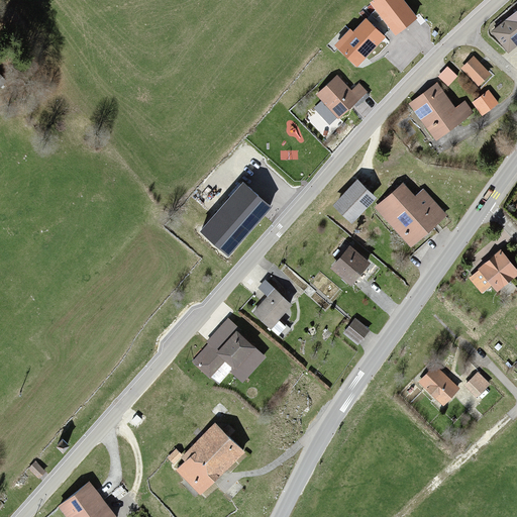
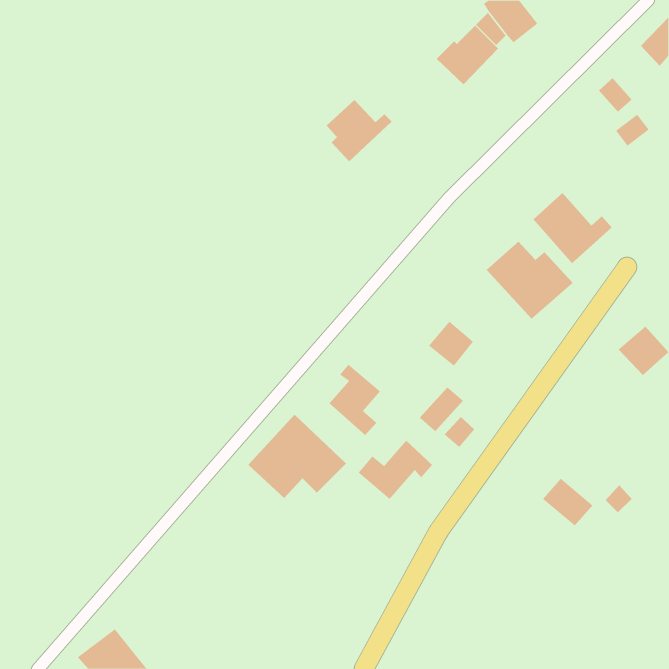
building: [313,75,365,123] -> [326,99,392,162]
building: [408,84,470,139] -> [533,192,612,264]
building: [335,181,372,218] -> none
building: [201,182,270,252] -> none
building: none -> [419,386,464,432]
building: none -> [358,440,433,500]
building: [174,421,246,495] -> none

